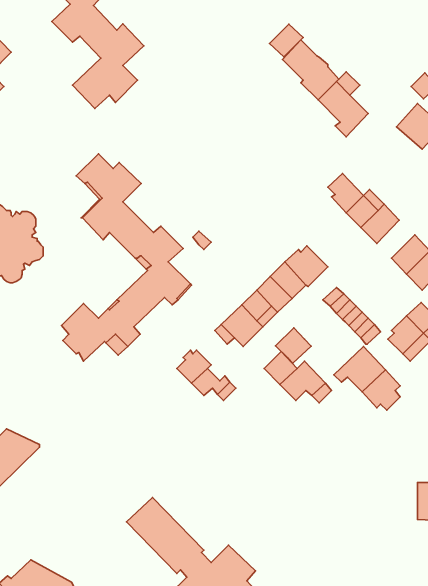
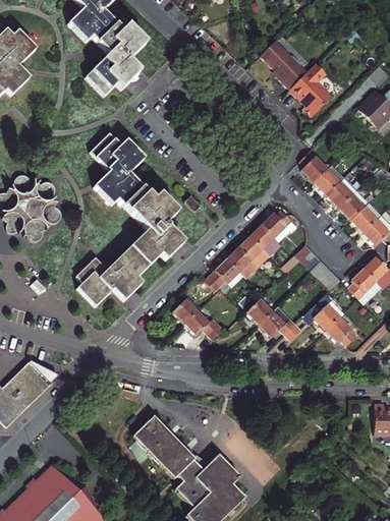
building: [270,24,303,57] -> none
building: none -> [339,187,371,219]
building: [275,328,311,363] -> none

